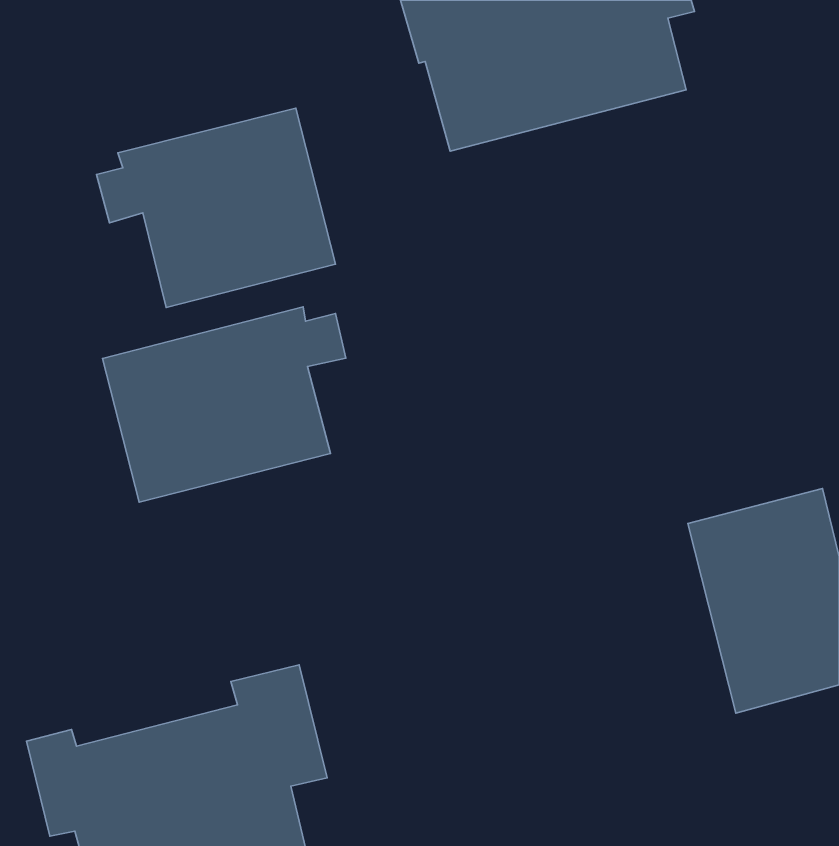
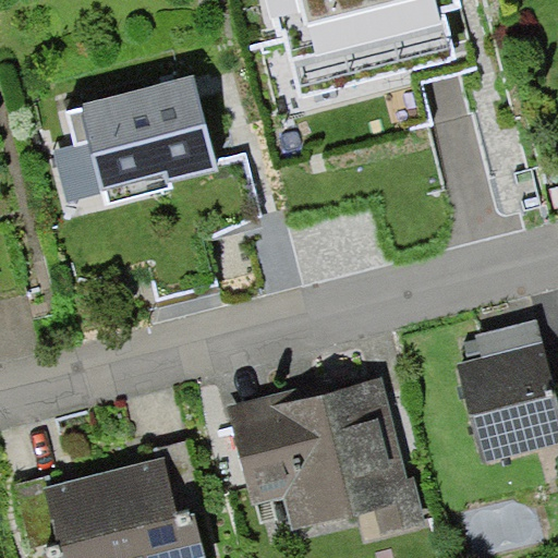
building: [102,307,346,502] -> none
building: none -> [233,374,435,549]

